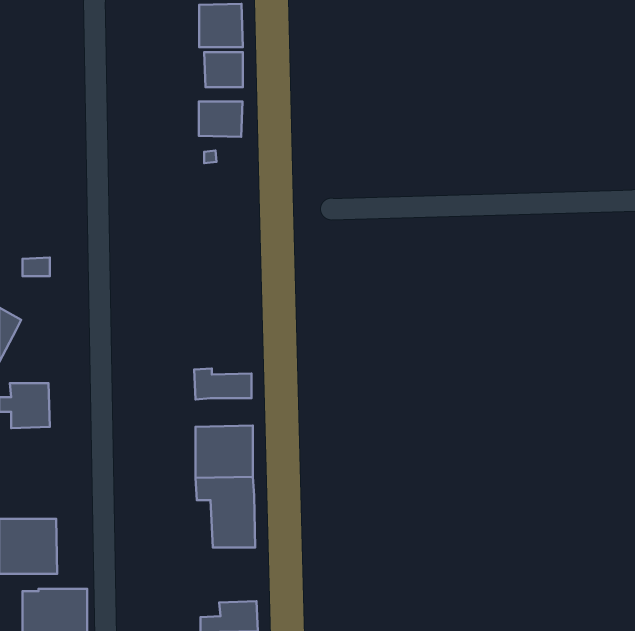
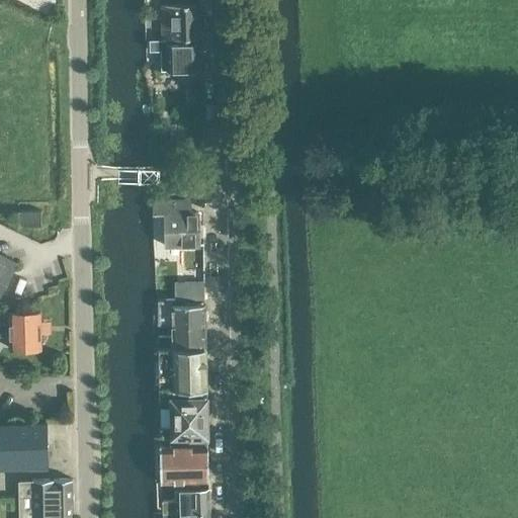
building: [199,101,243,137] -> none
building: none -> [153,204,203,262]
building: none -> [172,286,201,306]
building: none -> [158,328,205,351]
building: none -> [160,449,207,486]

